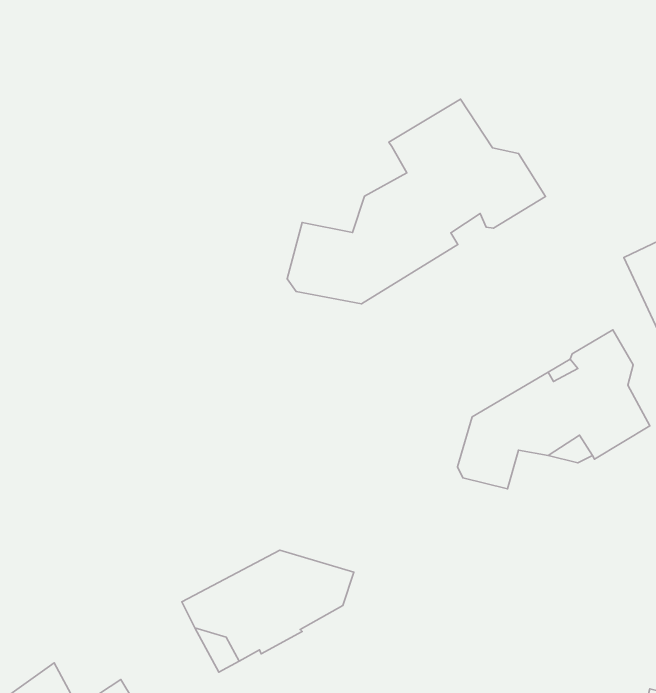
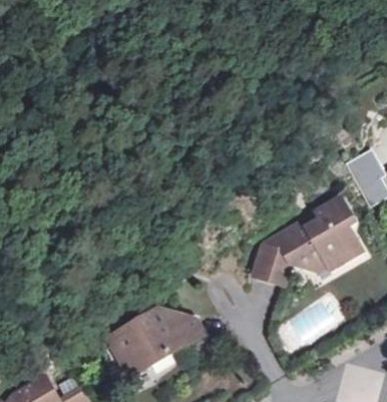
building: [287,99,545,304] -> none

